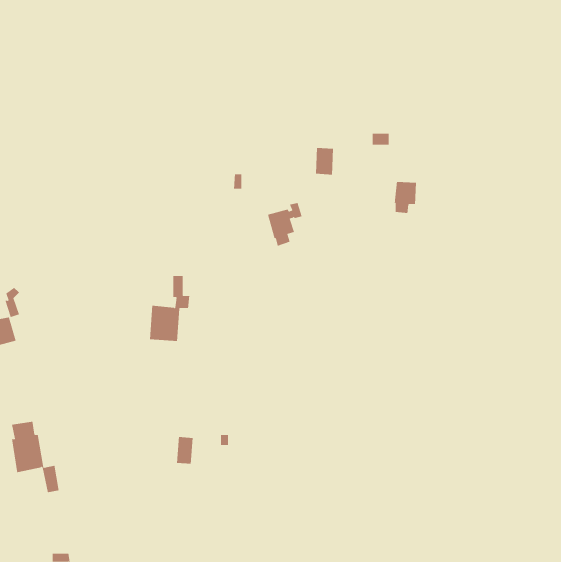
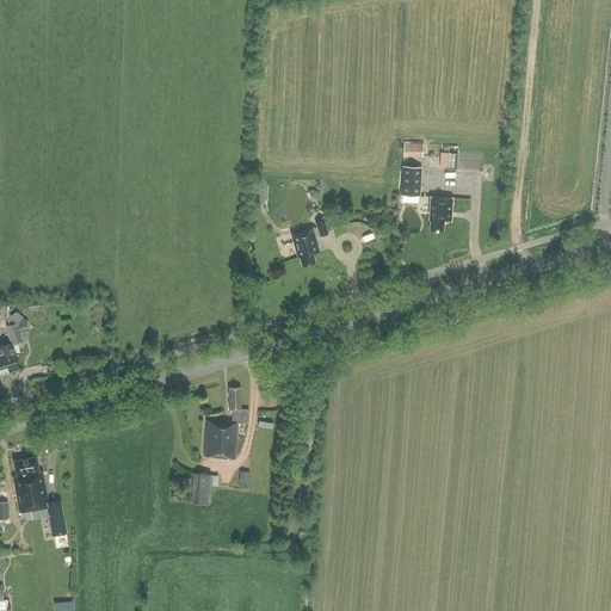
building: [315,148,334,175] -> [400,167,420,197]
building: [149,276,190,342] -> [203,388,247,459]

